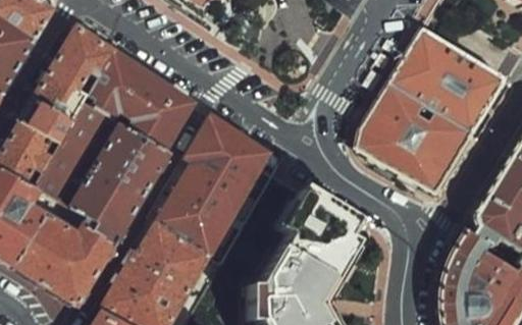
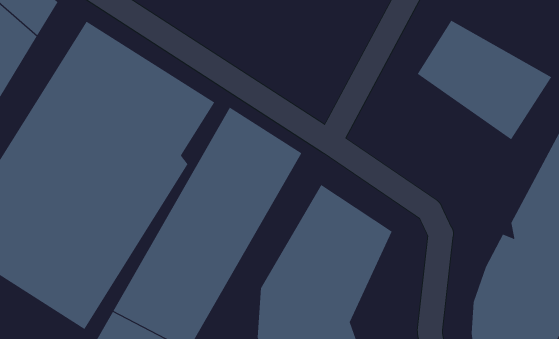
building: [354,77,475,199] -> none

